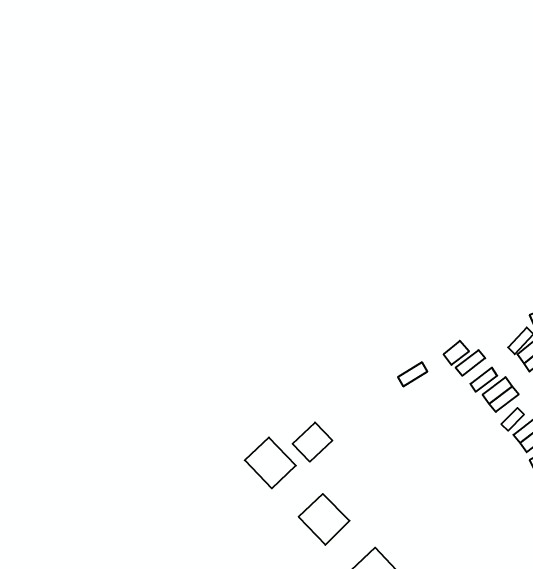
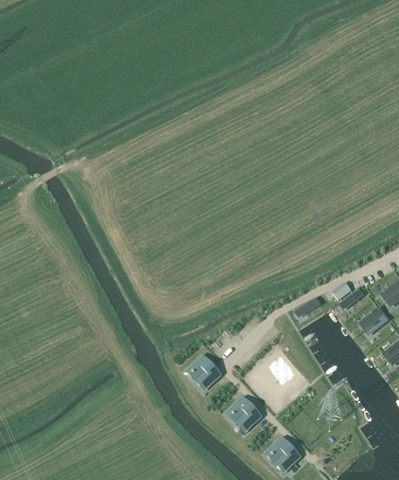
building: [293,422,332,462] -> none

